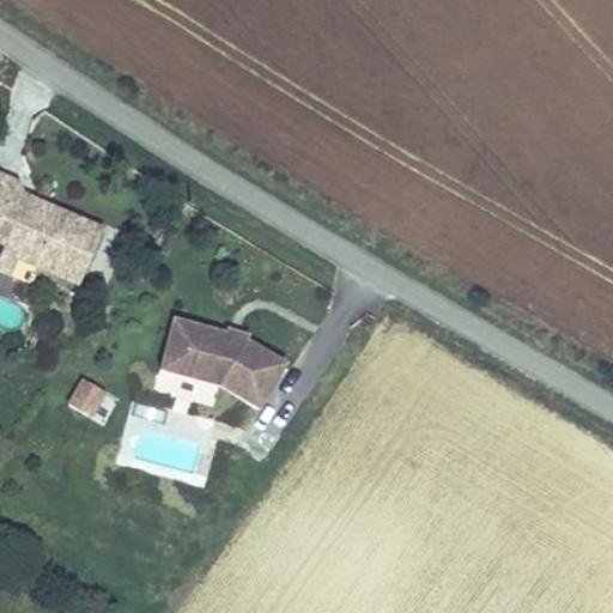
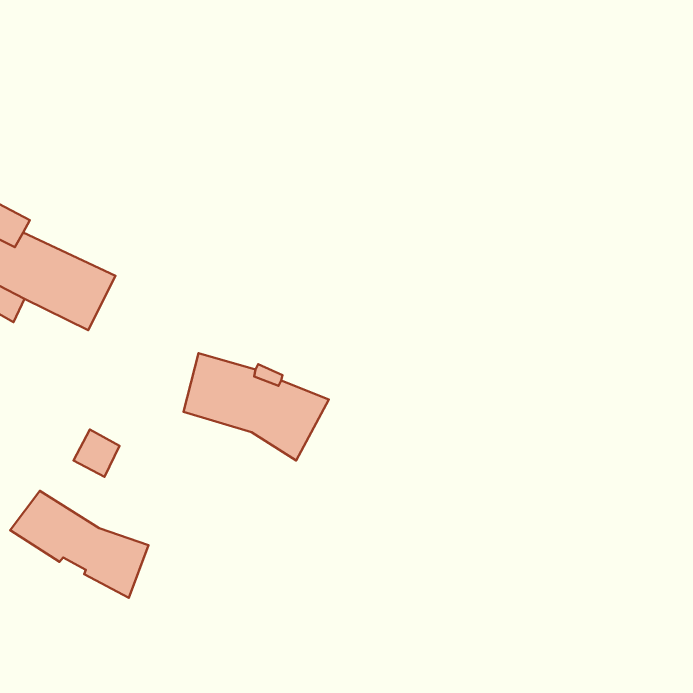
building: none -> [10,491,148,598]

